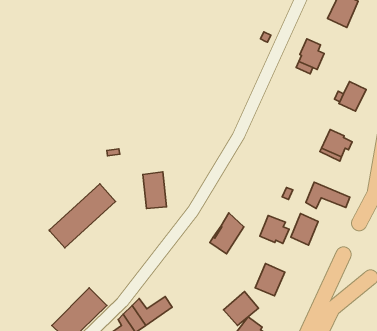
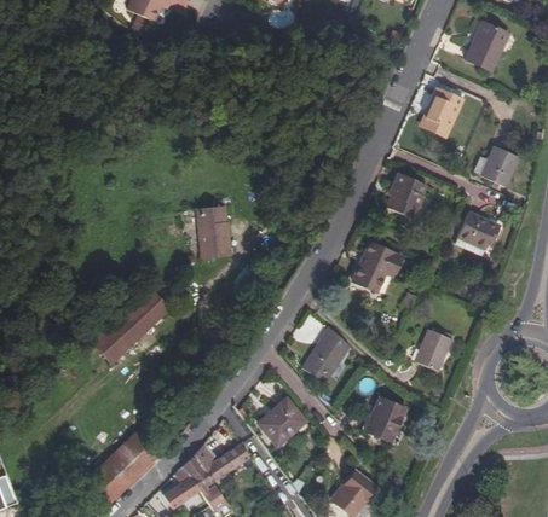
building: none -> [386,172,427,219]
building: none -> [352,242,403,291]
building: [143,172,166,208] -> [197,205,230,256]
building: [306,182,350,208] -> none
building: [260,215,289,244] -> none
building: [224,291,259,326] -> [258,397,306,445]

